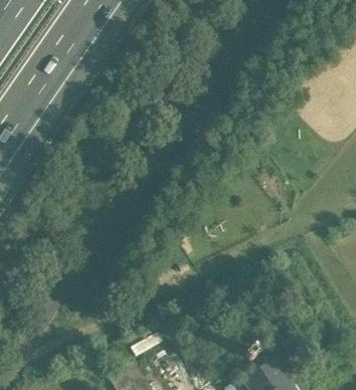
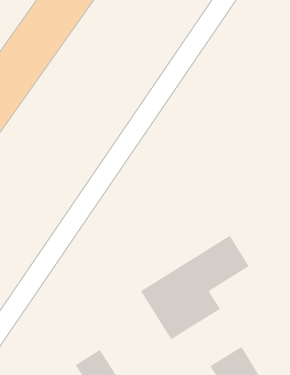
building: none -> [140,235,250,340]

